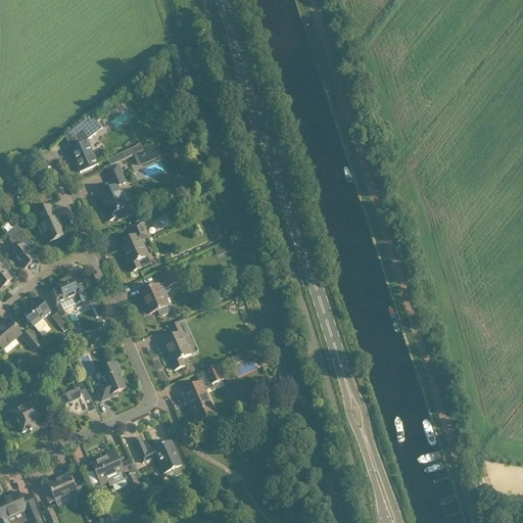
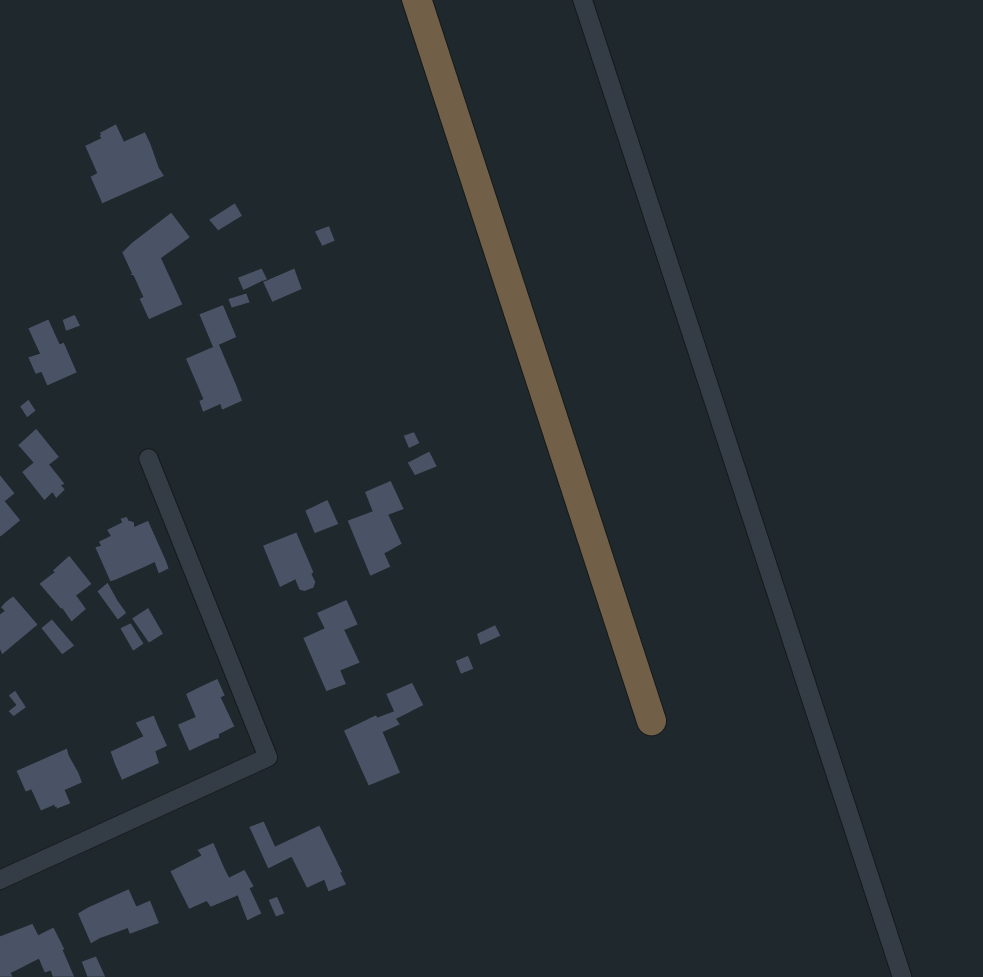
building: none -> [84,124,165,204]
building: [37,202,63,238] -> [27,319,78,386]
building: [117,219,148,270] -> [347,480,405,577]

